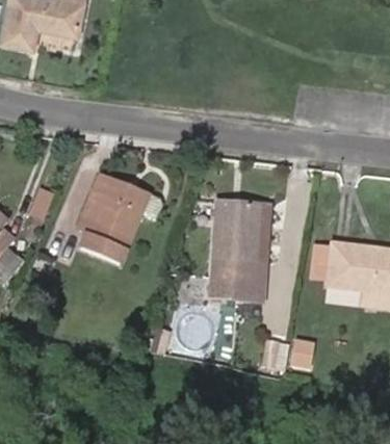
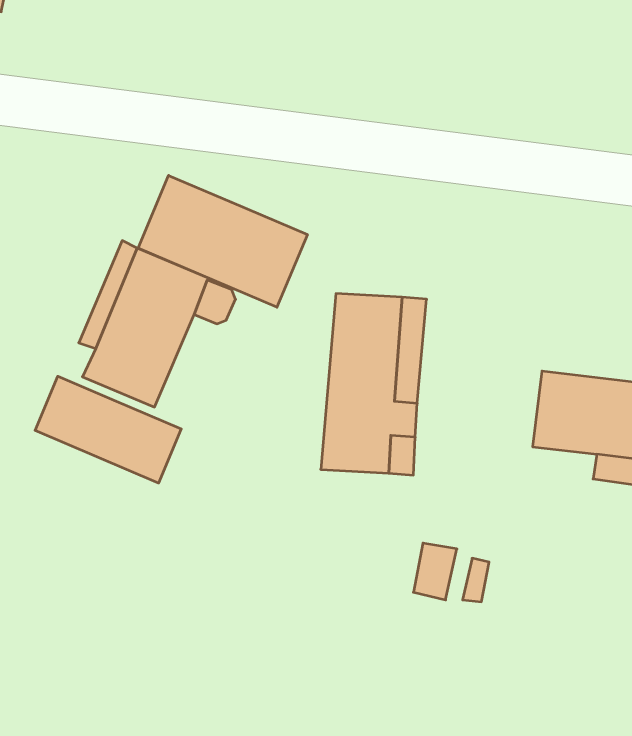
building: none -> [138,175,307,307]
building: none -> [35,376,181,483]

